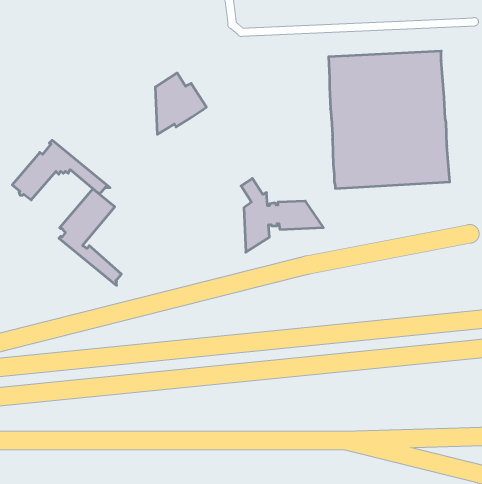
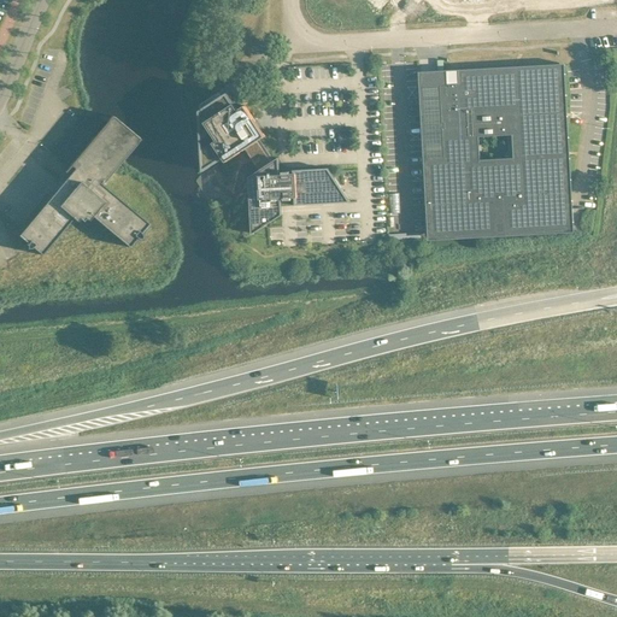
building: [241,178,323,252] -> [243,140,348,234]
building: [59,189,121,285] -> [66,116,146,239]

